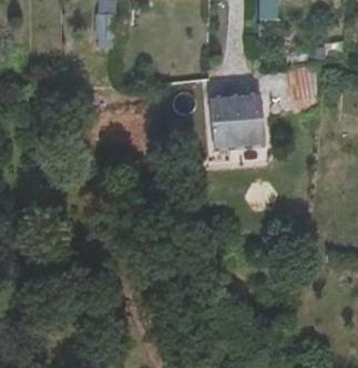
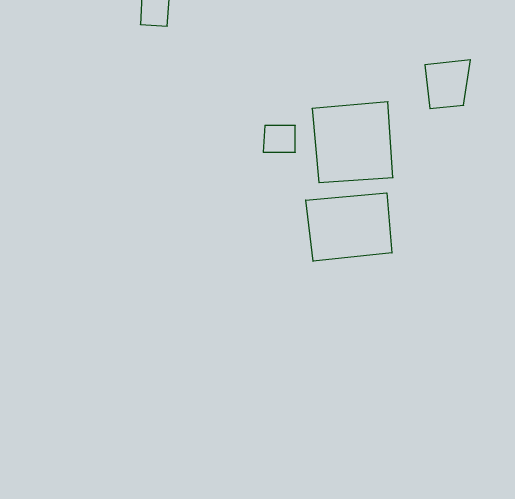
building: none -> [306,193,392,261]

